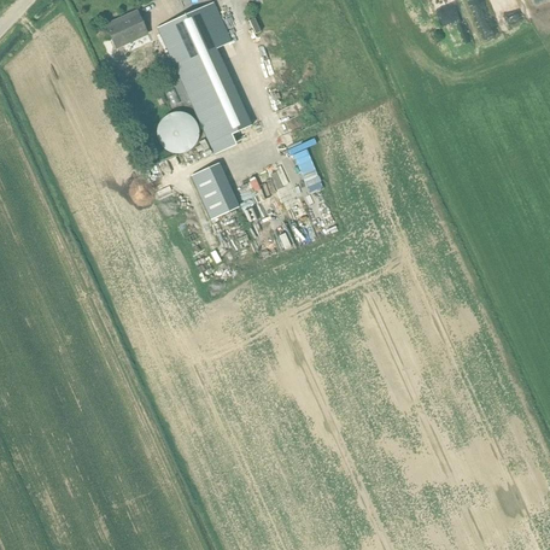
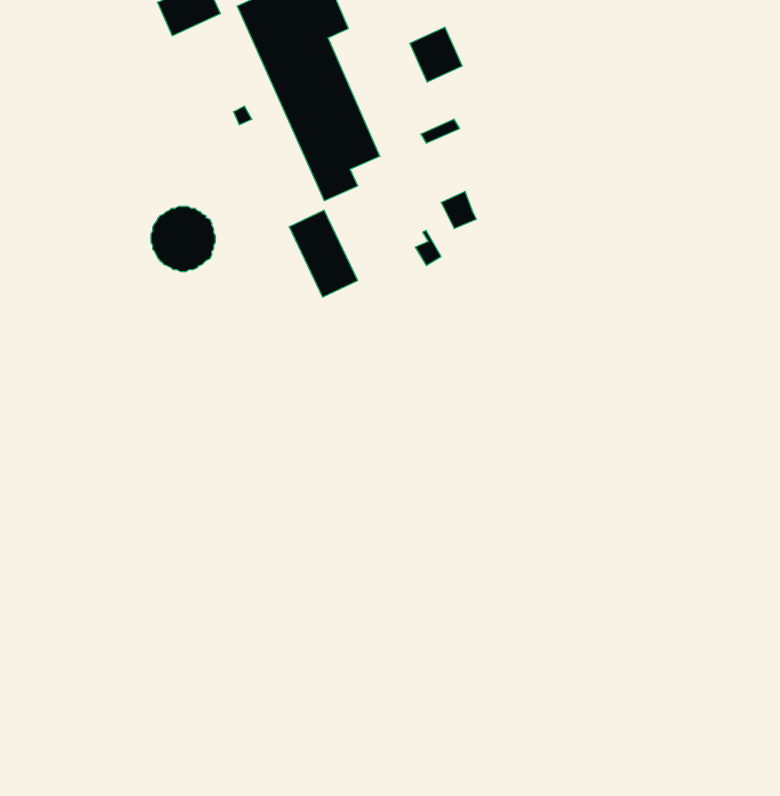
building: none -> [410,27,462,82]
building: [157,110,199,152] -> [151,207,216,272]

